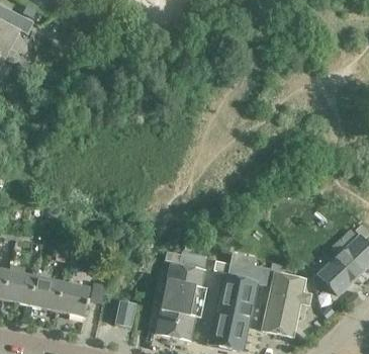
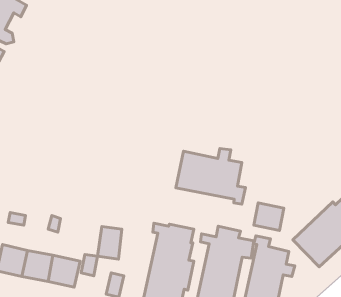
building: none -> [176,148,245,204]
building: none -> [254,203,284,230]
building: none -> [98,227,122,259]

